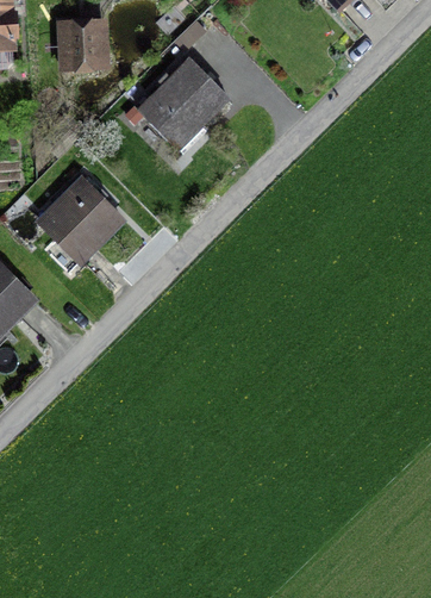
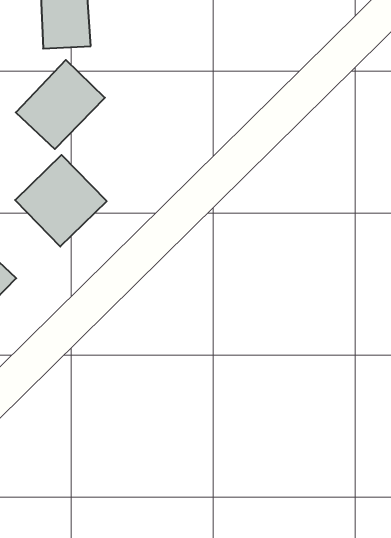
building: [139,60,226,147] -> [16,60,105,149]

